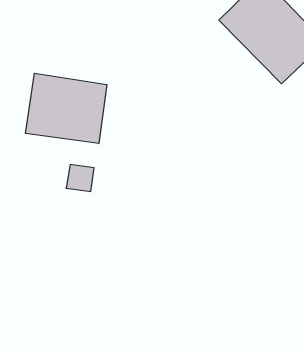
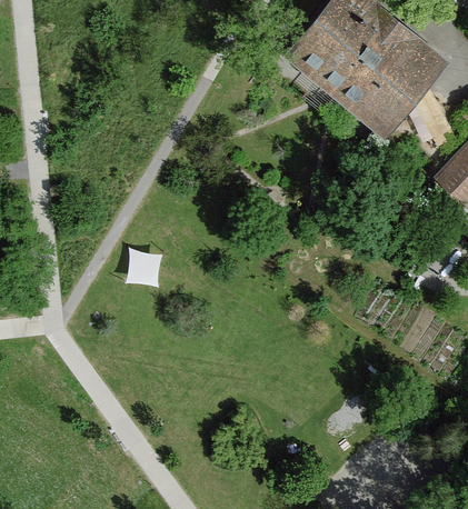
building: [25,73,107,144] -> none

